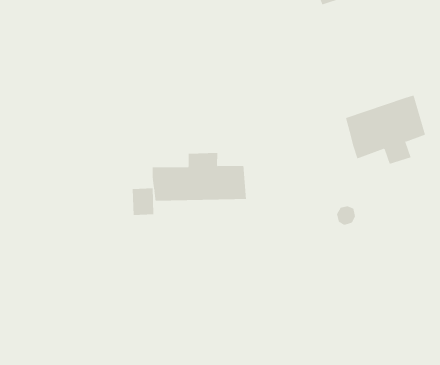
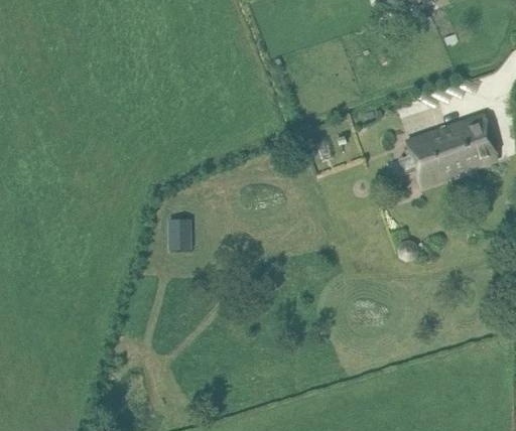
building: [152,152,247,202] -> none

